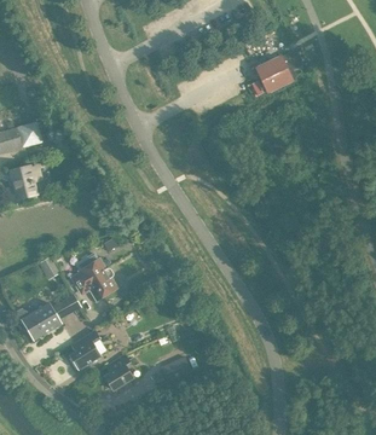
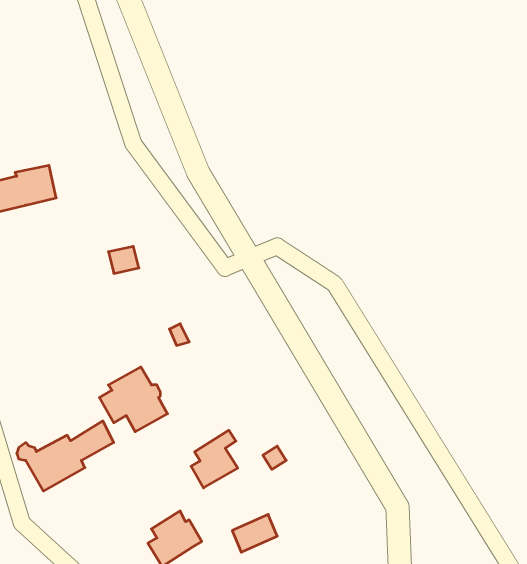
building: [254,50,302,94] -> none
building: [10,167,39,199] -> none
building: [69,331,100,370] -> [191,430,238,488]

